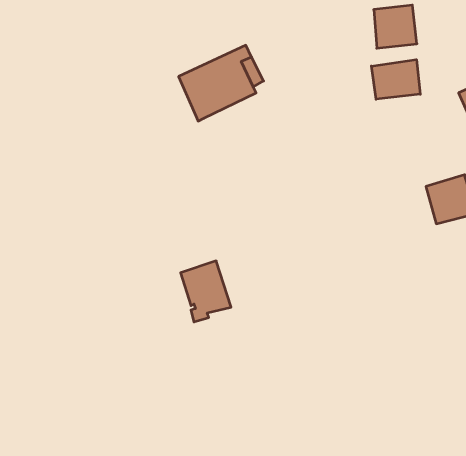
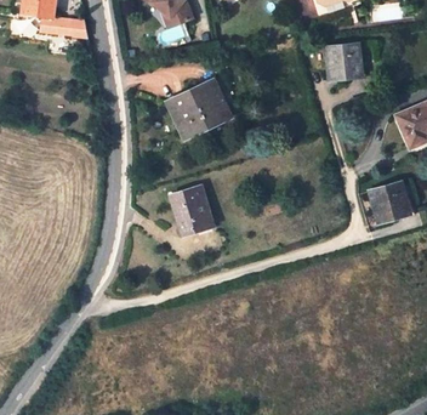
building: [371,60,420,99] -> none
building: [181,261,231,322] -> [171,184,212,234]

